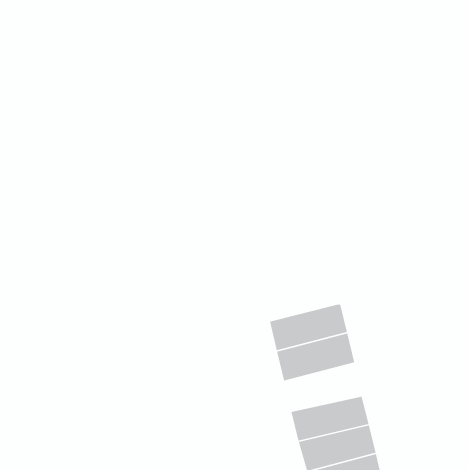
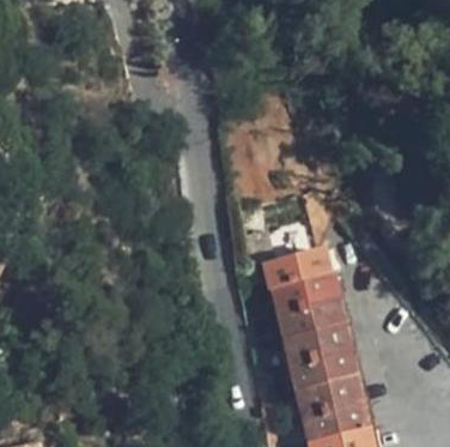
building: none -> [263,248,329,289]
building: none -> [284,324,349,364]

